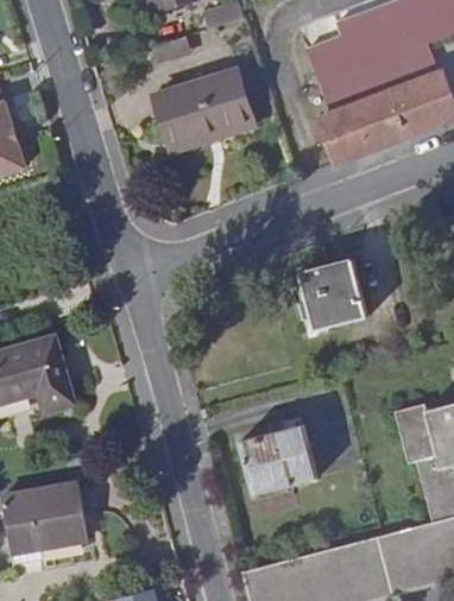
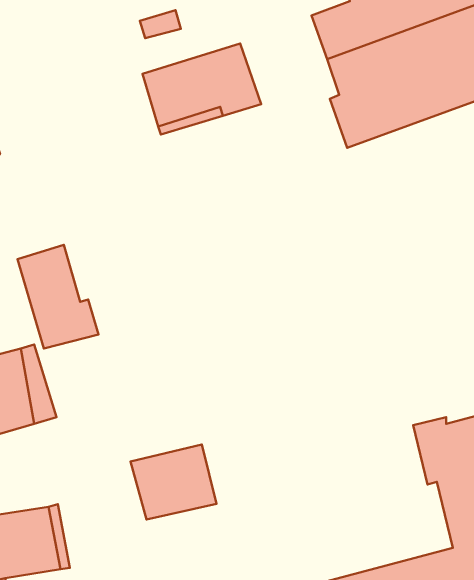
building: none -> [17,245,98,348]
building: [301,260,370,329] -> none
building: [241,424,319,492] -> [131,444,216,520]

